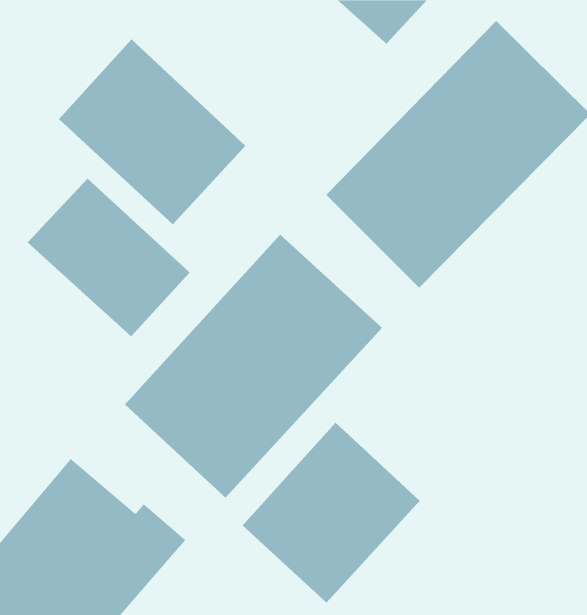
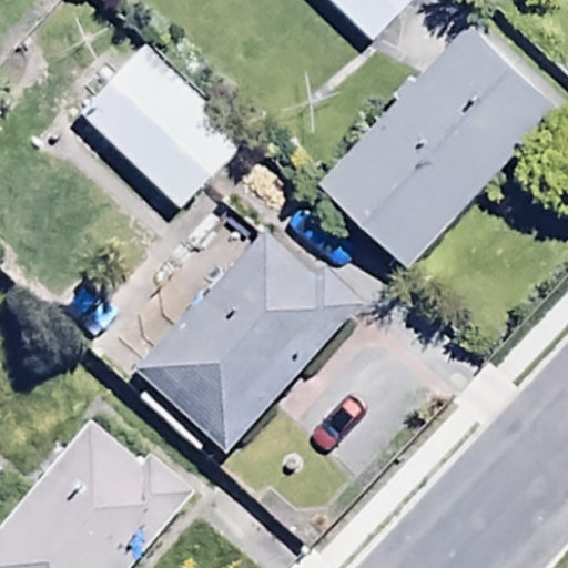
building: [27,178,190,337] -> none
building: [242,422,421,603] -> none

